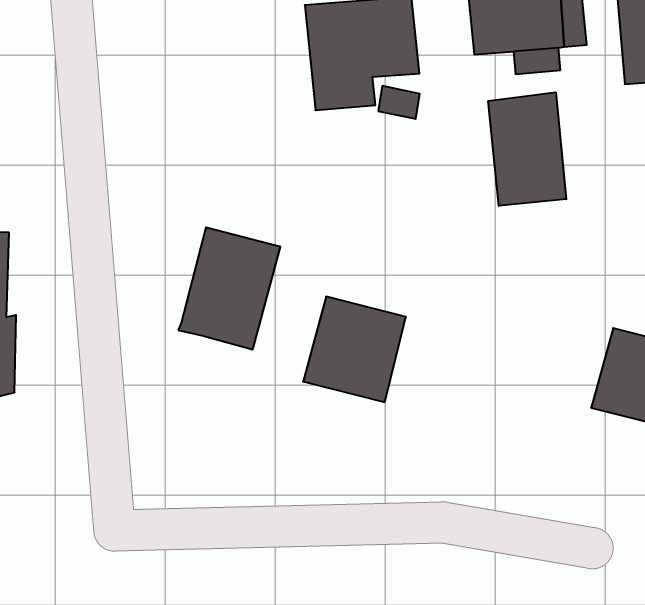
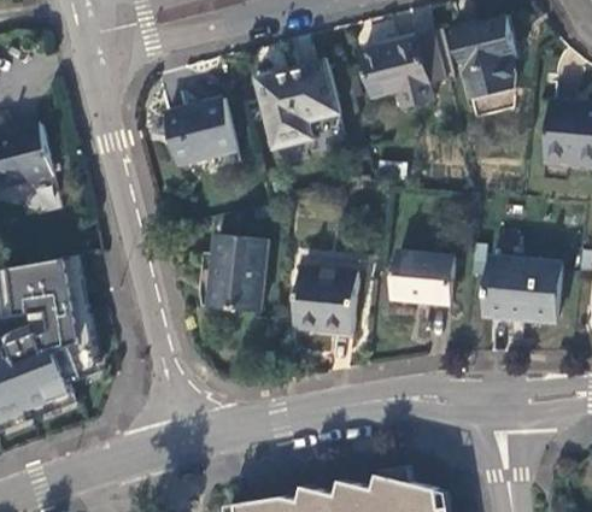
building: none -> [165,102,233,164]
building: [488,92,566,206] -> none
building: none -> [391,253,451,304]

